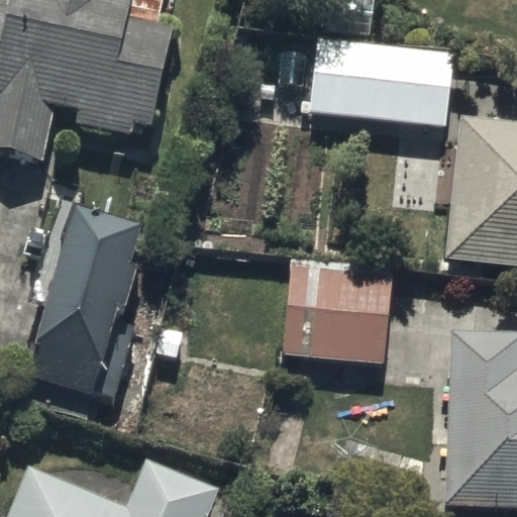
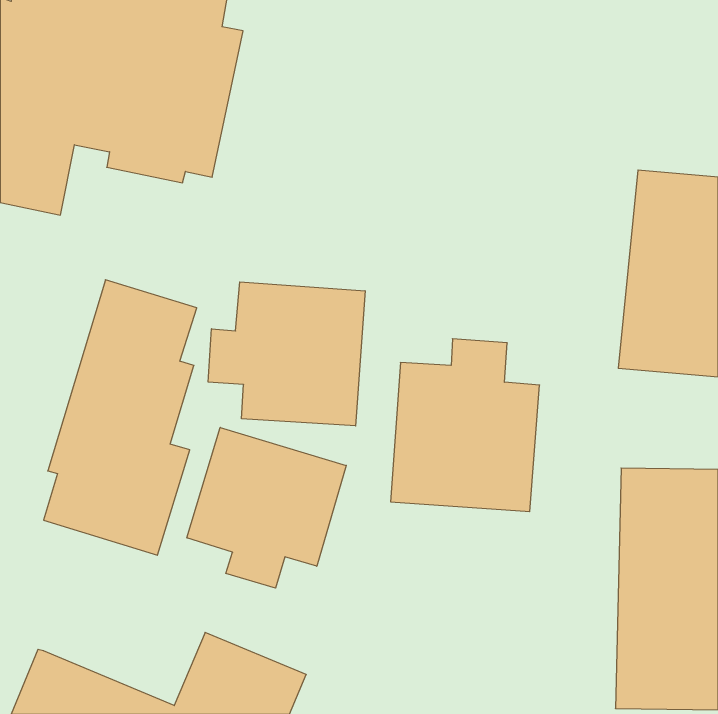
building: [309,43,448,129] -> none
building: none -> [208,282,365,426]
building: none -> [187,427,346,588]

